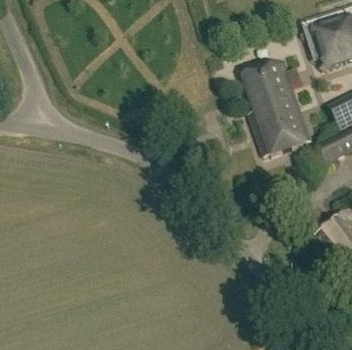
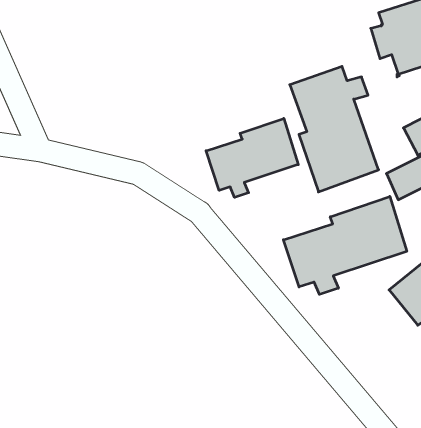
building: none -> [206,118,298,197]
building: none -> [283,196,407,294]

